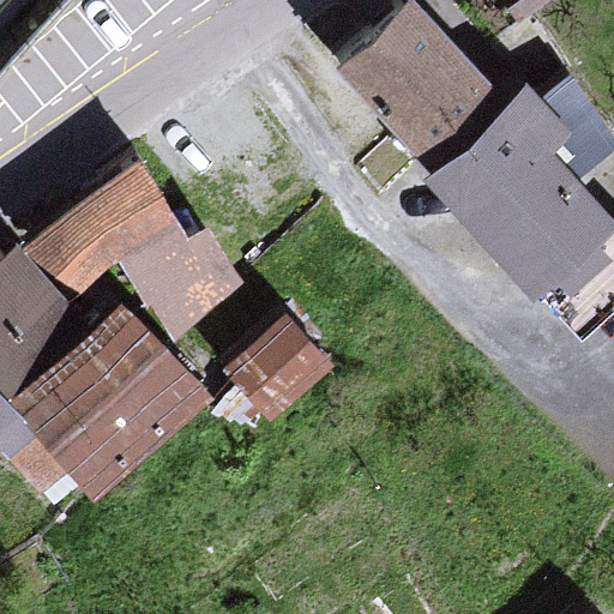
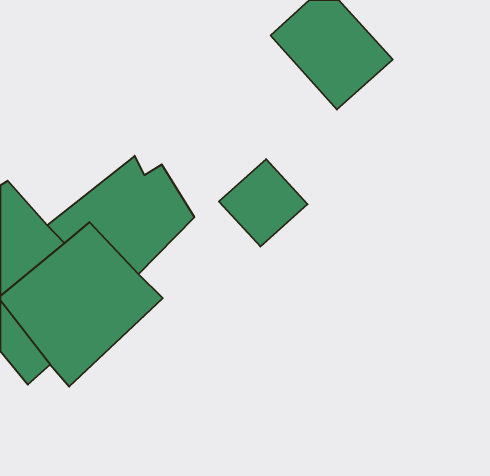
building: [437,92,606,283] -> none
building: [12,154,170,300] -> none
building: [222,315,332,425] -> [219,159,308,247]

